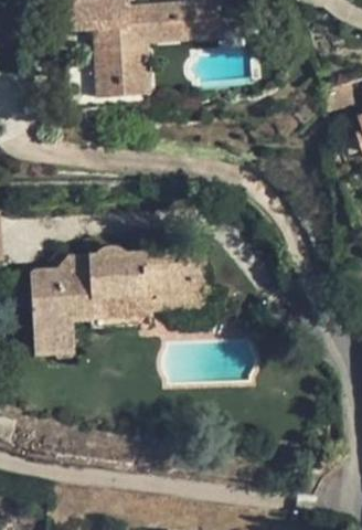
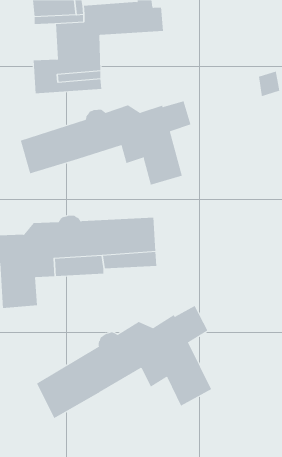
building: none -> [20,101,191,186]
building: none -> [36,305,212,419]

